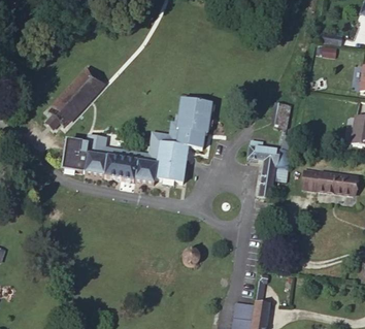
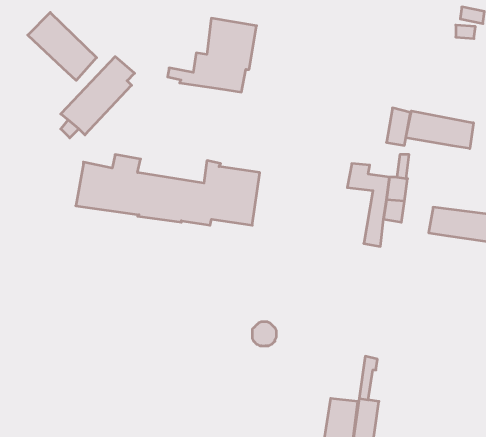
building: none -> [28,12,97,80]
building: [151,98,211,149] -> [168,18,257,92]
building: none -> [406,111,473,149]

